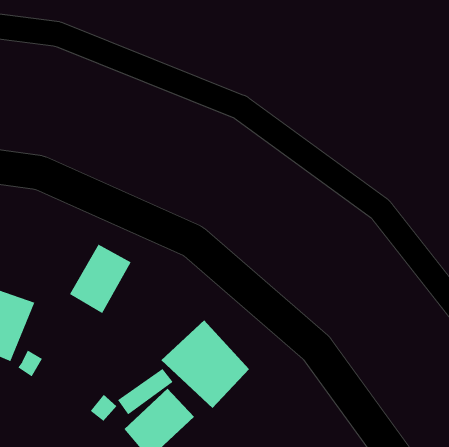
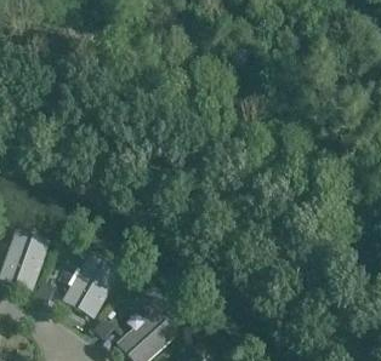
building: [69,244,132,314] -> [67,259,116,315]
building: [161,320,250,409] -> none

